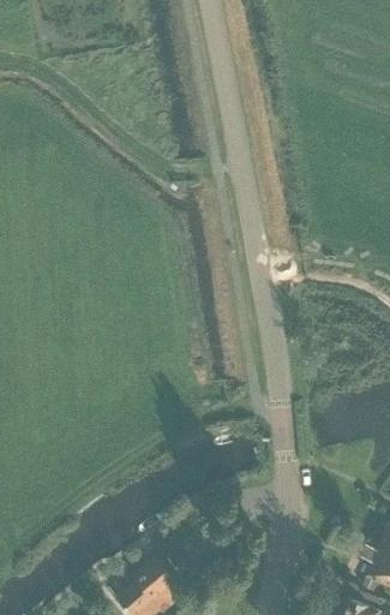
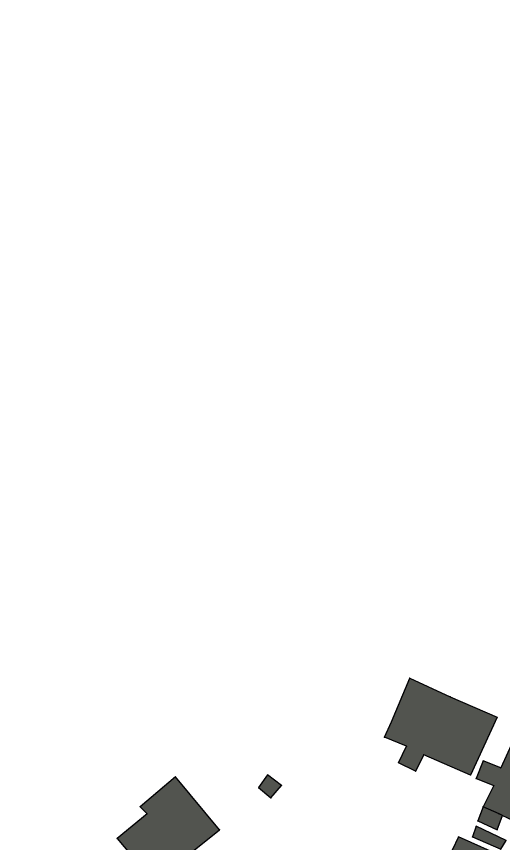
building: none -> [384,678,497,775]

